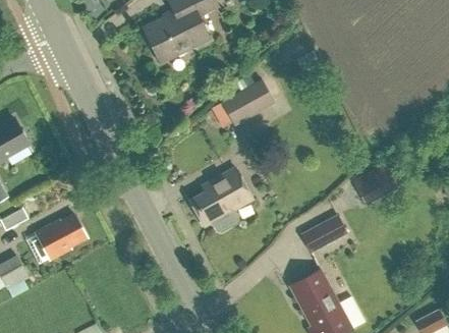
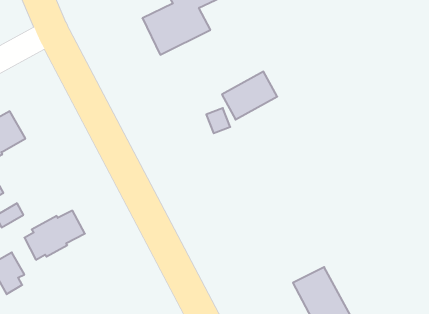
building: [189,167,254,232] -> none
building: [301,216,347,254] -> none

